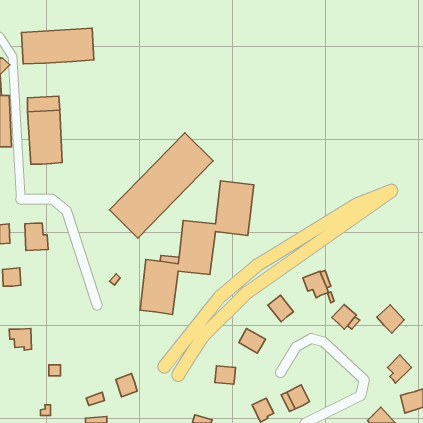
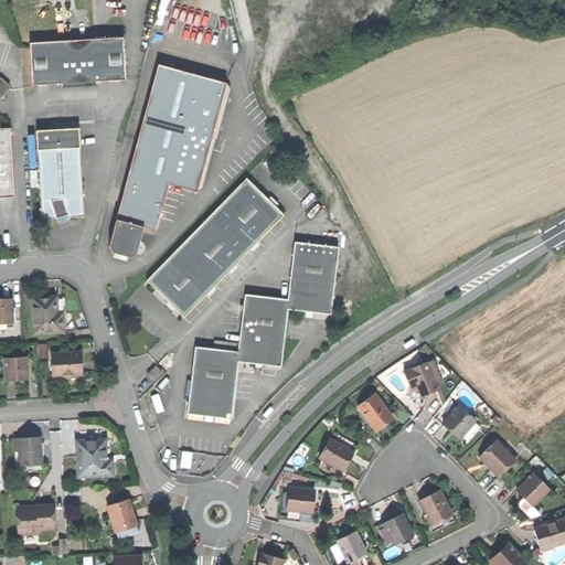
building: none -> [108,65,225,258]
building: none -> [52,352,83,379]
building: [377,305,404,333] -> [478,439,514,477]
building: none -> [76,438,113,476]
building: none -> [418,490,450,523]
building: [116,374,137,397] -> [107,499,136,530]
building: none -> [15,504,54,535]

